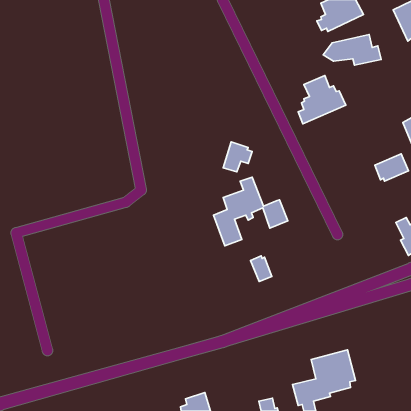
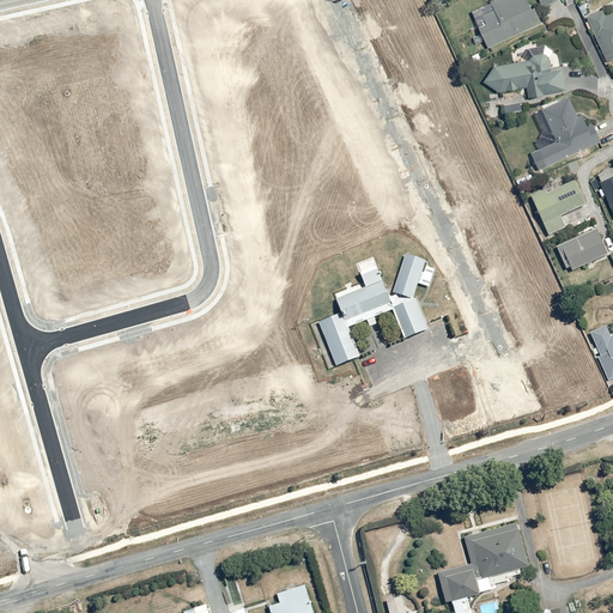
building: [298,75,346,124] -> [532,97,602,169]
building: none -> [530,180,587,235]
building: [223,142,252,172] -> [393,254,436,298]
building: [251,256,272,282] -> none

